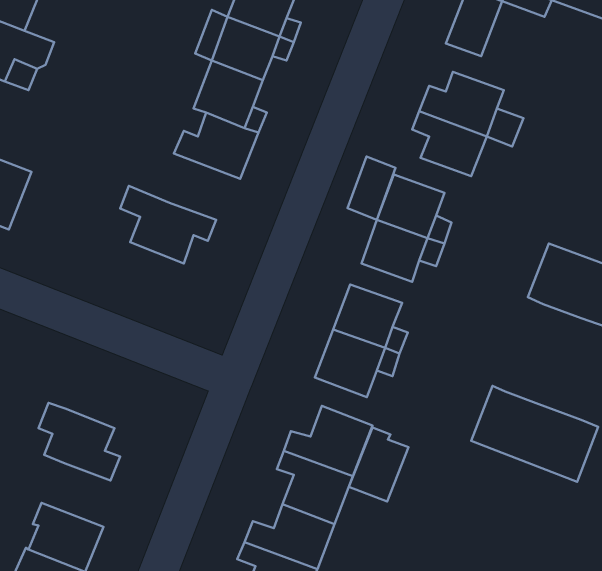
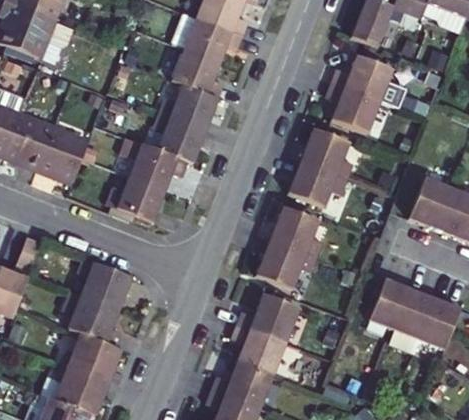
building: none -> [152,115,205,164]
building: [348,156,396,220] -> none
building: none -> [41,128,89,181]
building: none -> [107,178,165,224]
building: none -> [76,259,129,310]
building: [349,428,408,502] -> none
building: none -> [64,335,120,380]

